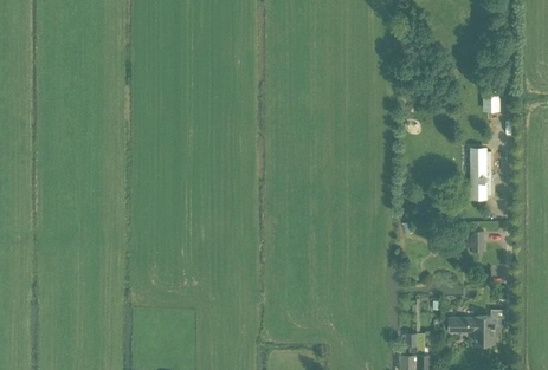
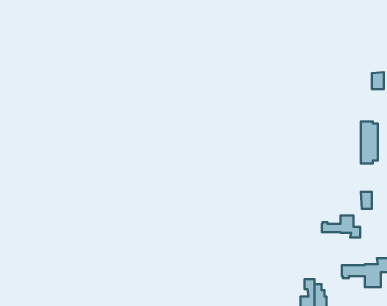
building: none -> [322,215,360,238]

